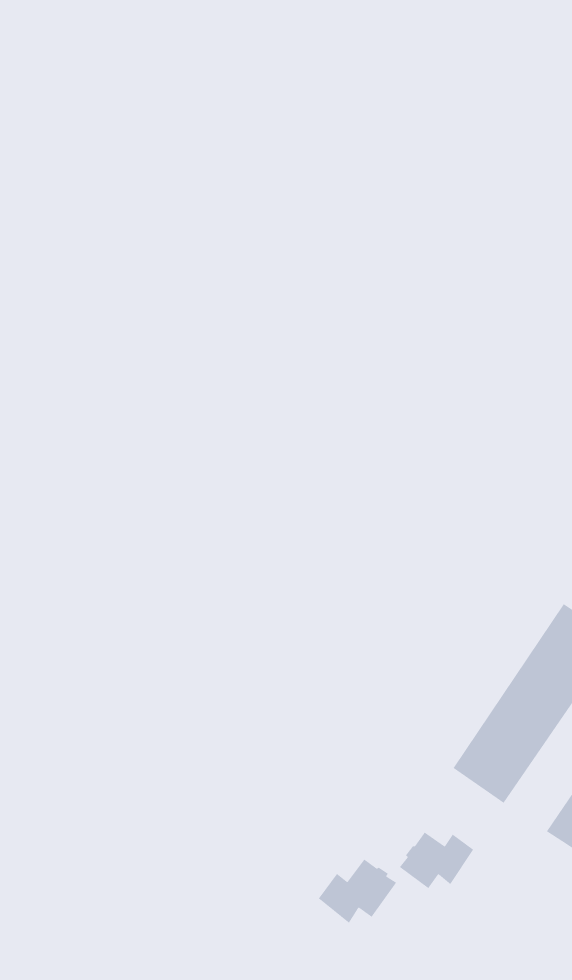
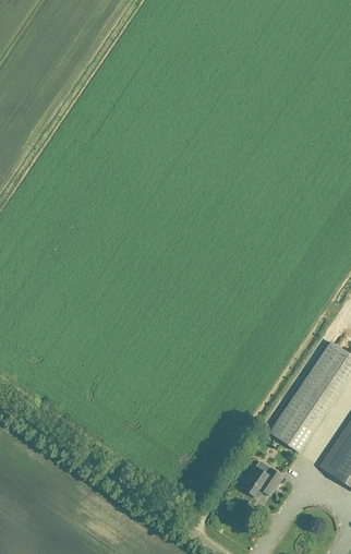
building: [318,858,397,924] -> none

